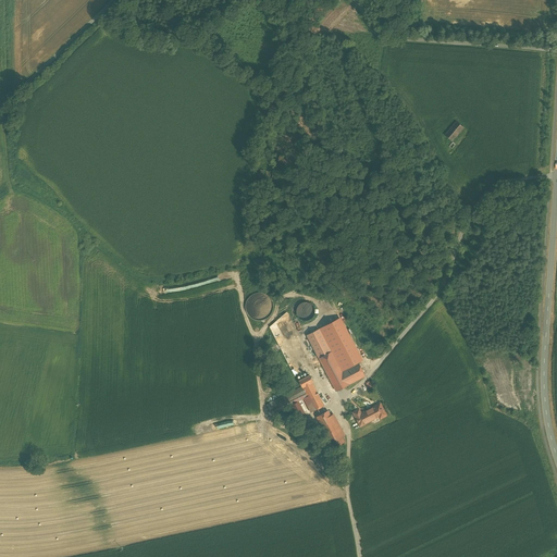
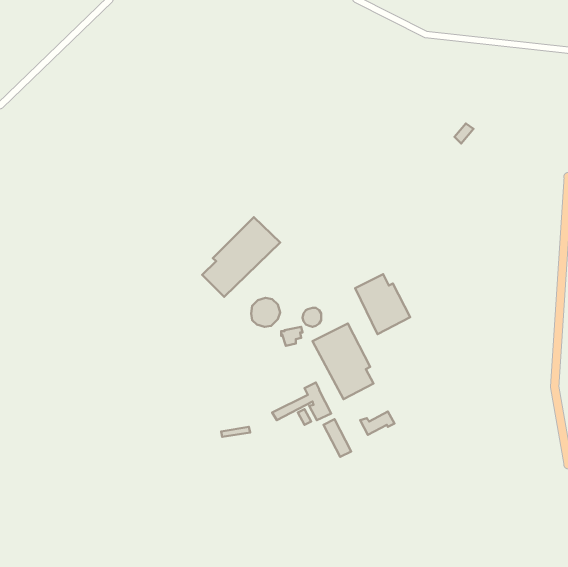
building: none -> [202,217,280,297]
building: none -> [355,274,410,334]

